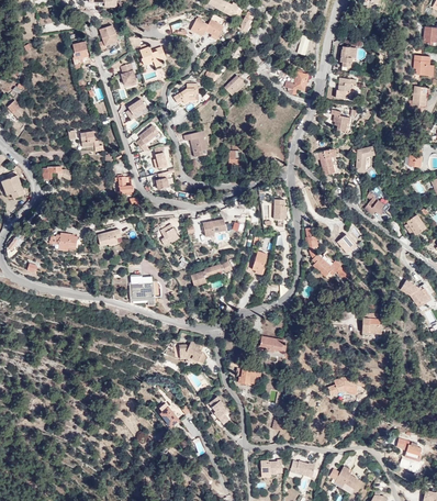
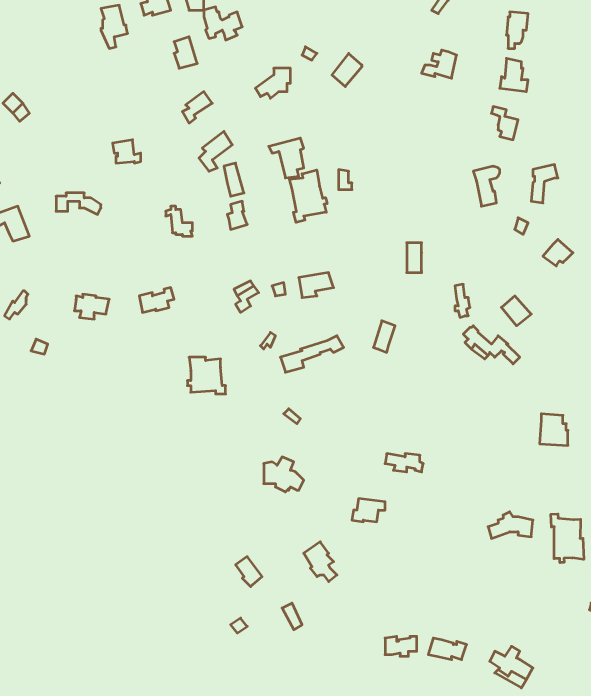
building: none -> [289,170,327,222]
building: none -> [551,514,584,563]

